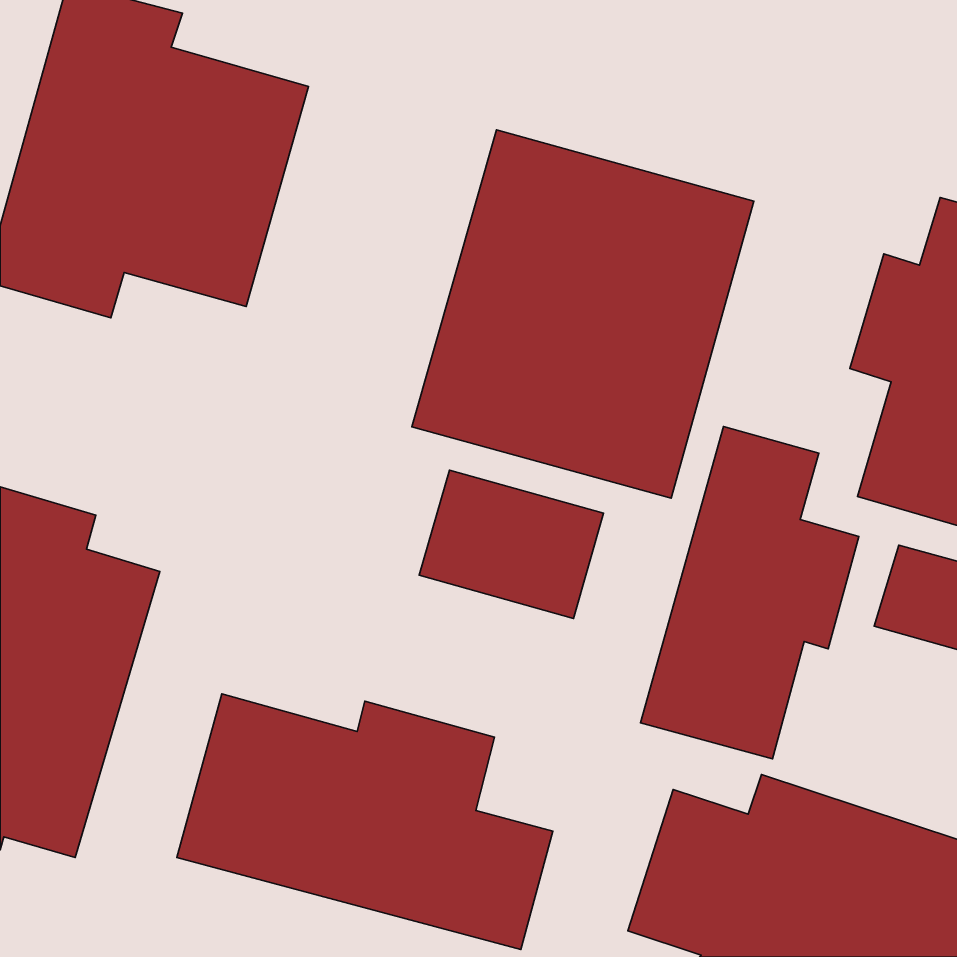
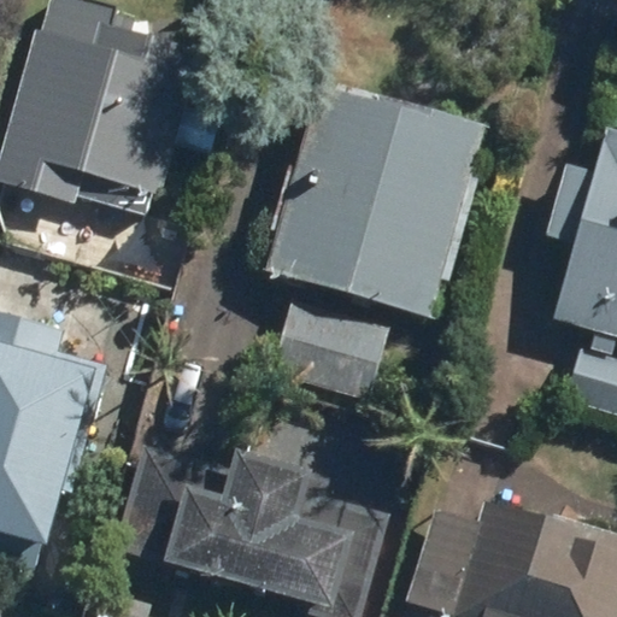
building: [640,427,859,759] -> none

